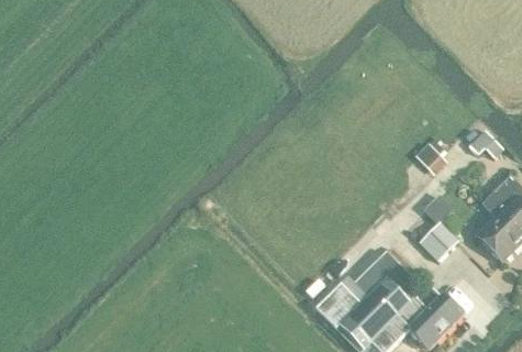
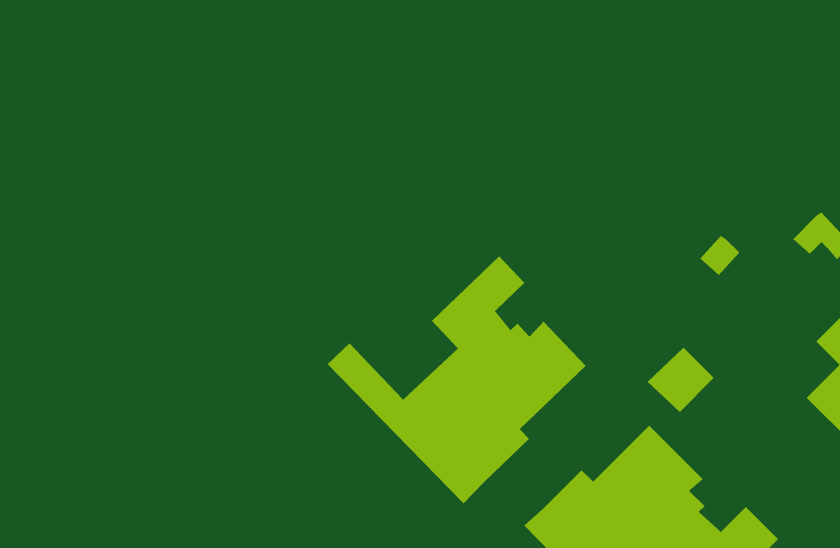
building: none -> [327,255,586,504]
building: [420,221,458,259] -> [647,347,715,413]

